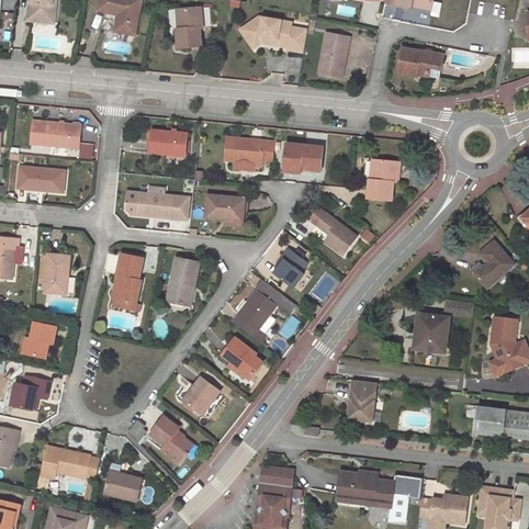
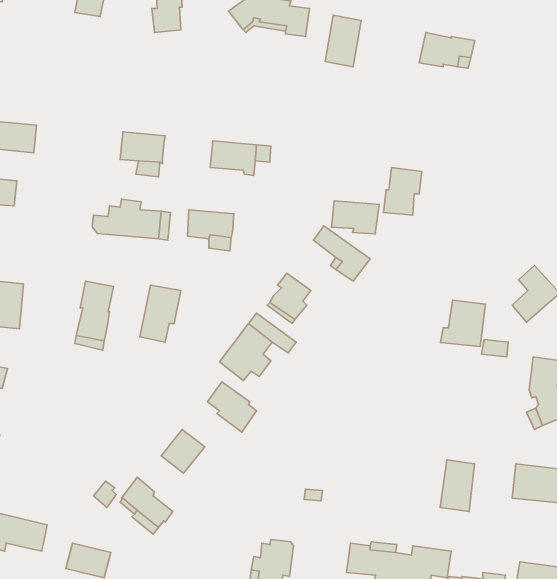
building: [283,143,323,170] -> [331,201,379,234]
building: [412,313,449,351] -> [441,300,486,346]
building: [347,380,375,423] -> [440,460,475,511]

